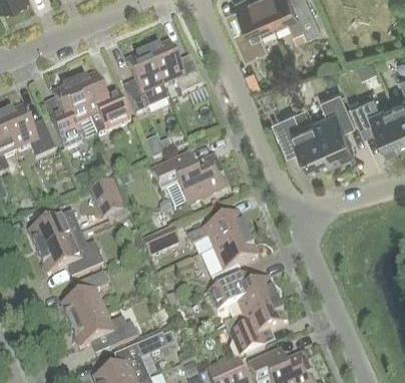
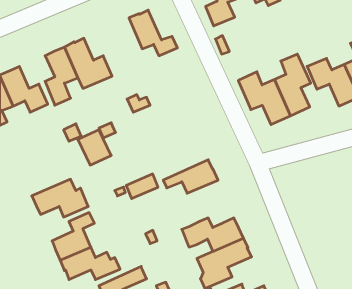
building: [125,50,168,113] -> none
building: [151,157,227,205] -> none
building: [27,211,81,253] -> none
building: [201,235,258,288] -> none

